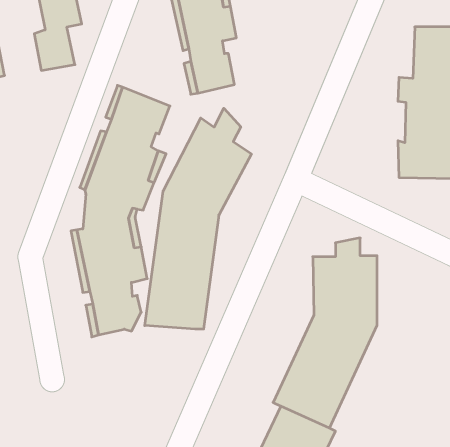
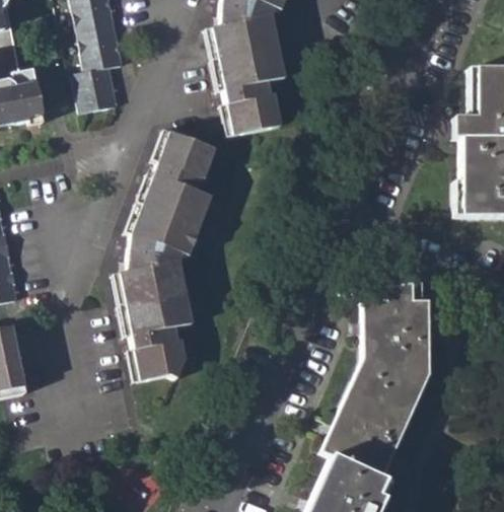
building: [145,108,251,329] -> none

